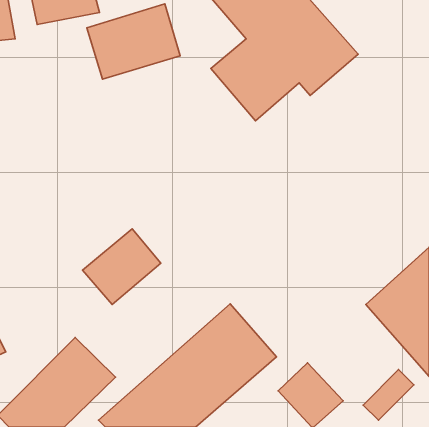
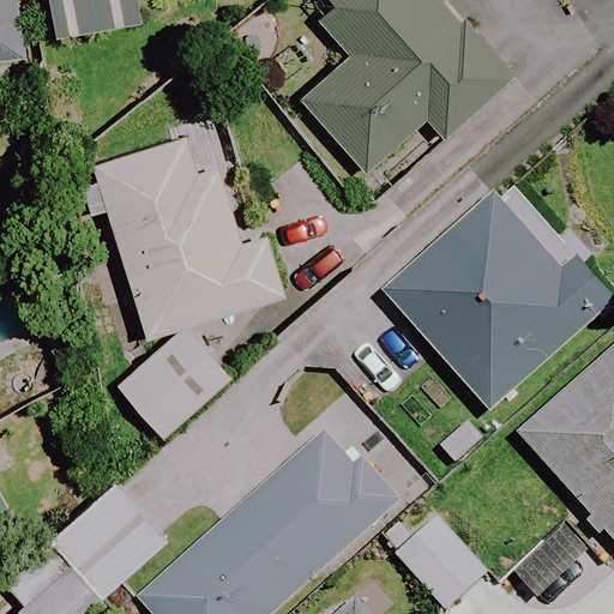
building: [87,4,180,79] -> none
building: none -> [92,133,281,332]
building: none -> [385,191,603,410]

